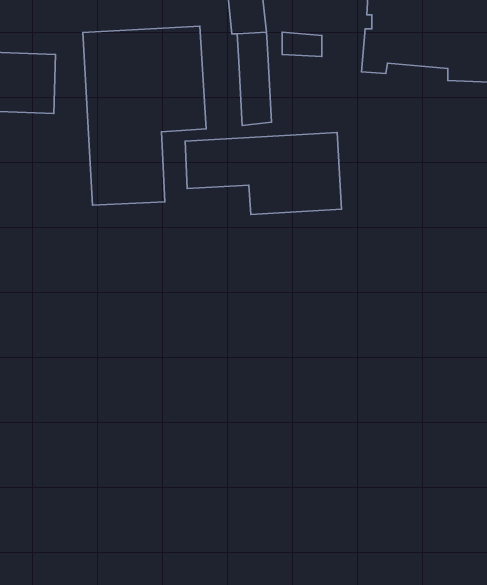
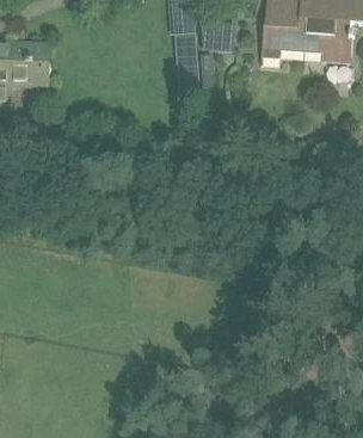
building: [83,26,206,205] -> none
building: [185,133,341,214] -> none

